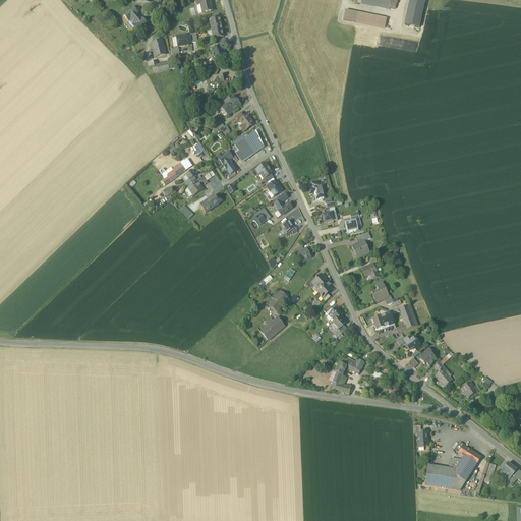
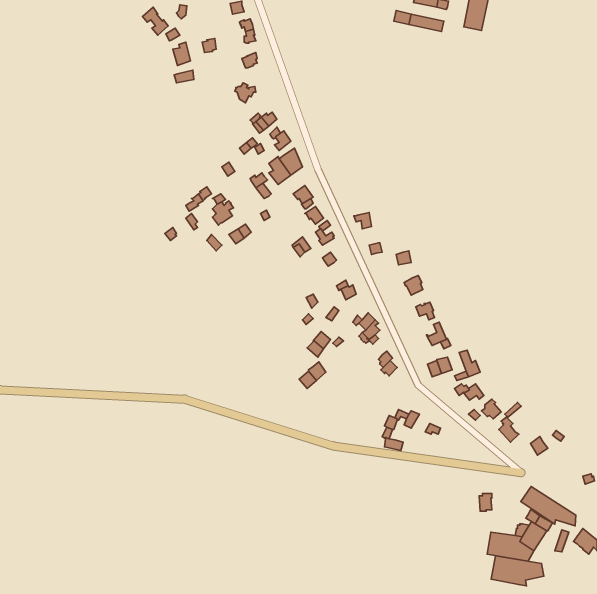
building: none -> [521,486,576,526]
building: none -> [491,556,544,586]

